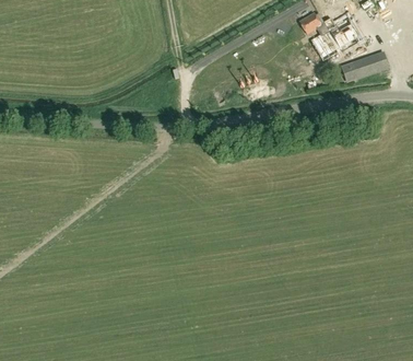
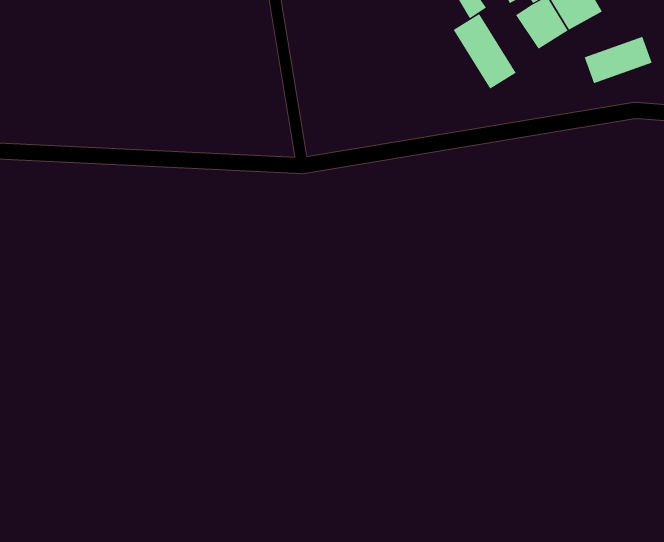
building: none -> [453,13,517,90]

